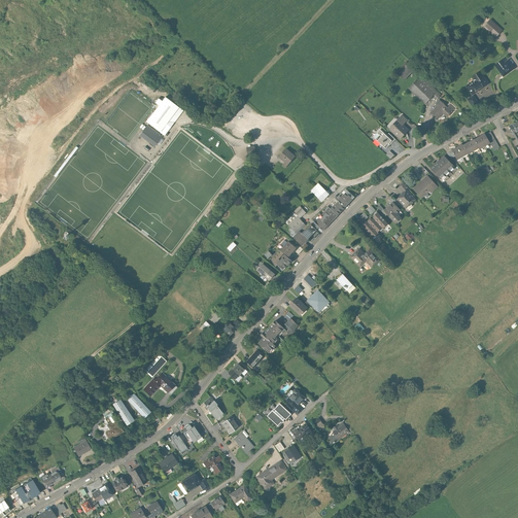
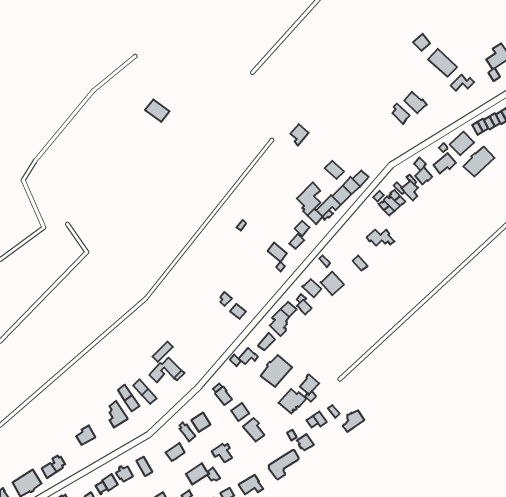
building: [148,98,180,133] -> none
building: none -> [463,147,495,177]
building: none -> [261,355,292,387]

